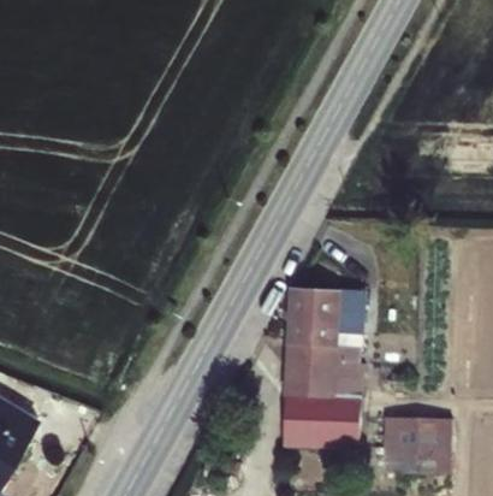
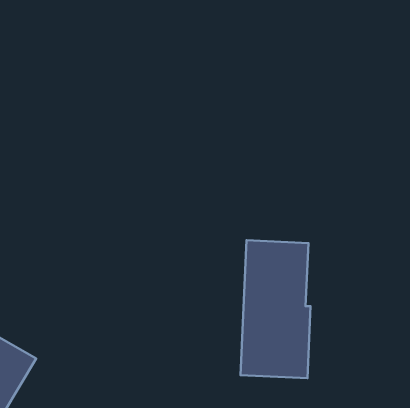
building: [380,414,449,471] -> none

